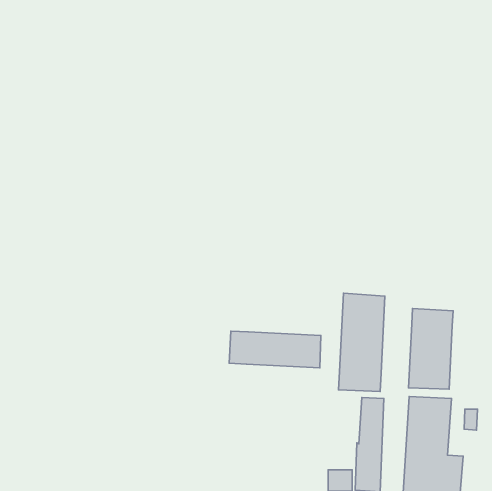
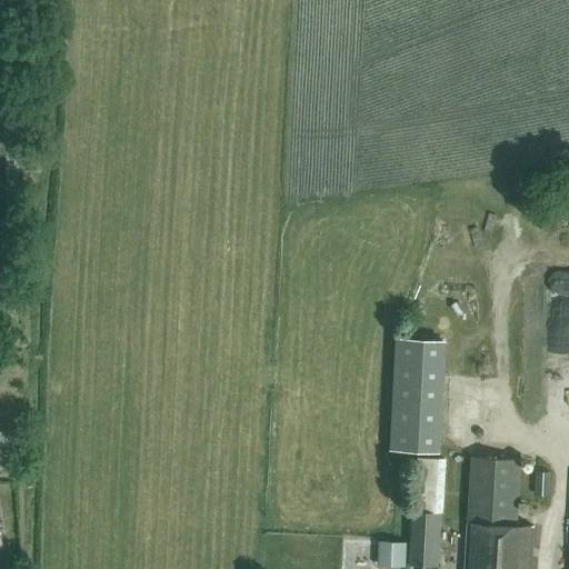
building: [409,309,453,389] -> none
building: [229,331,321,368] -> none

